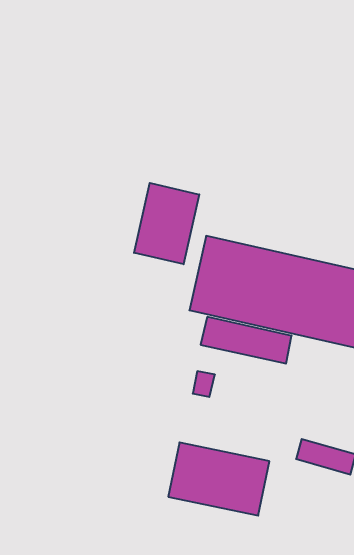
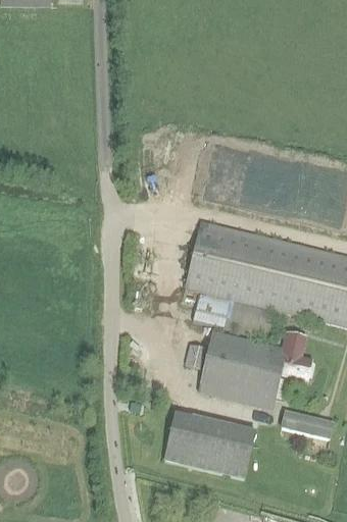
building: [134,183,199,264] -> none
building: none -> [199,331,311,409]

